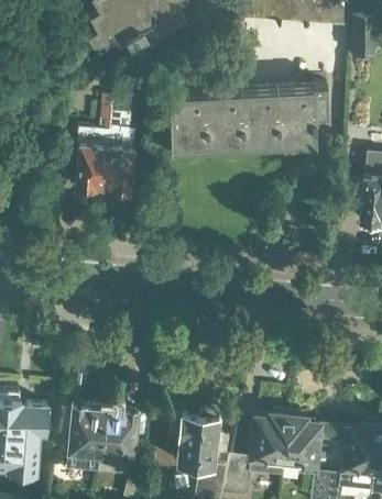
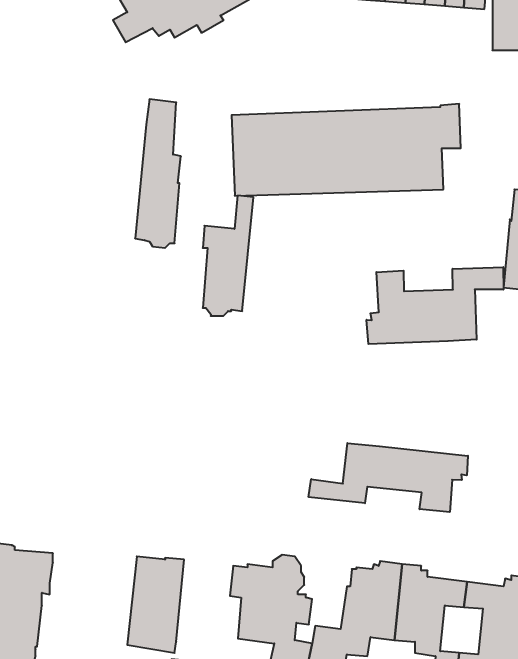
building: [75,106,110,189] -> [203,196,253,316]
building: none -> [367,267,503,344]
building: none -> [309,443,468,512]
building: [66,402,103,468] -> none

